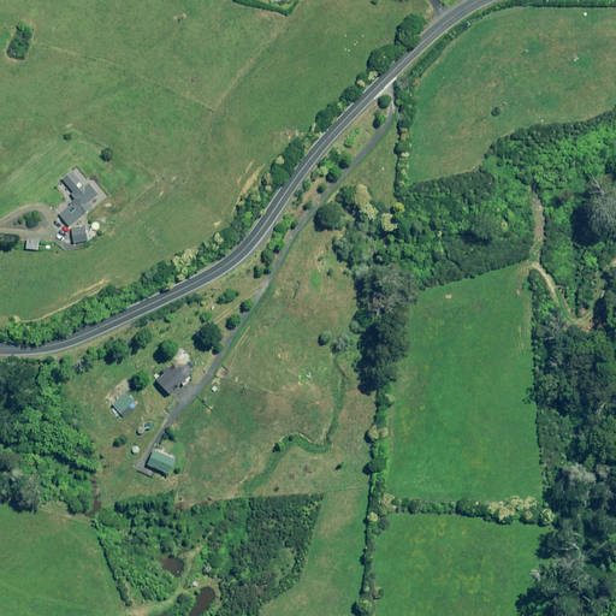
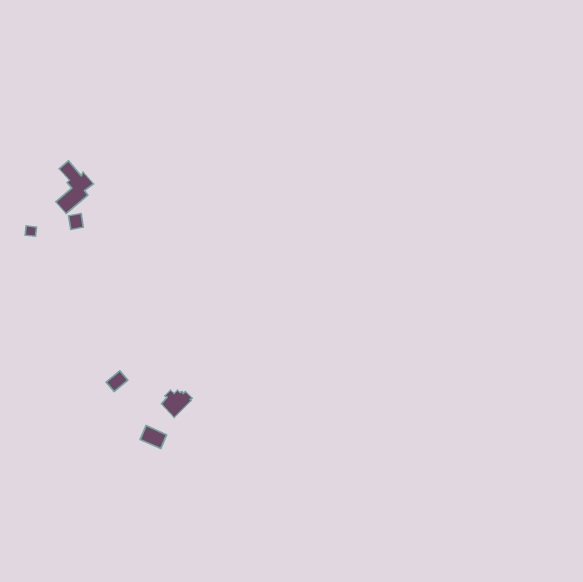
building: [158,365,190,393] -> [162,390,192,418]

